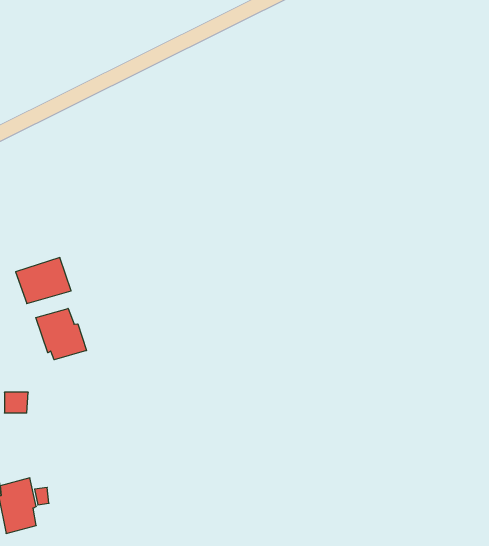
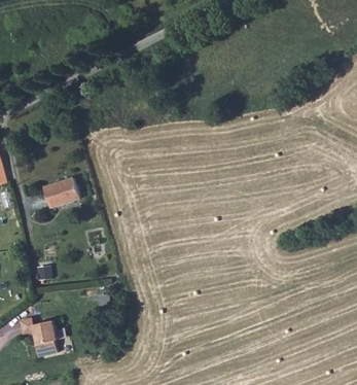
building: [36,308,86,360] -> none

